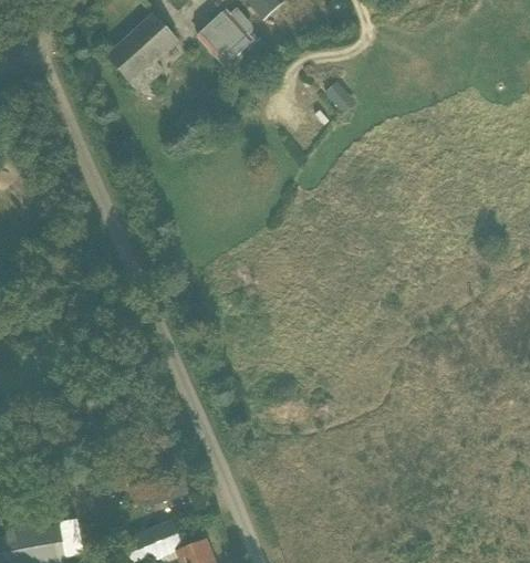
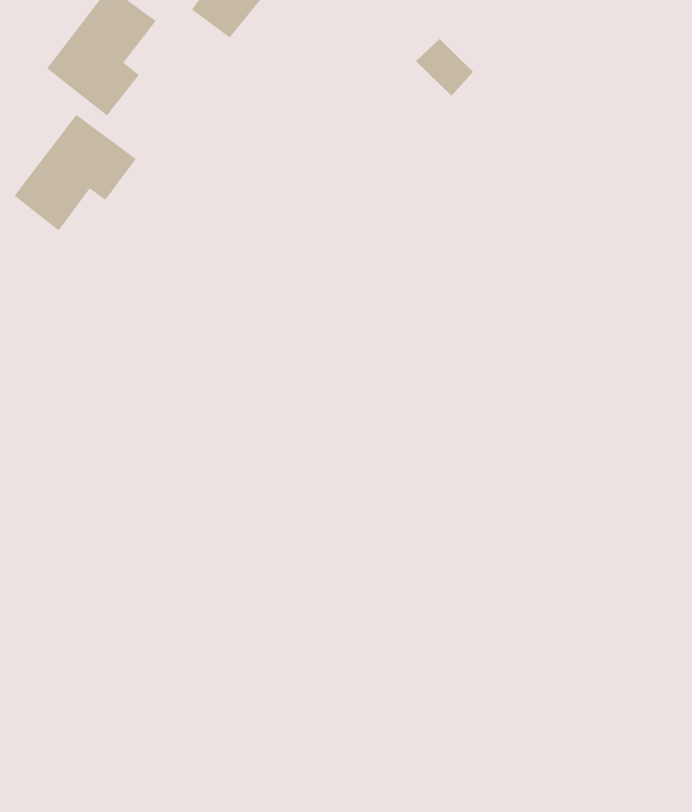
building: none -> [14,114,137,231]

